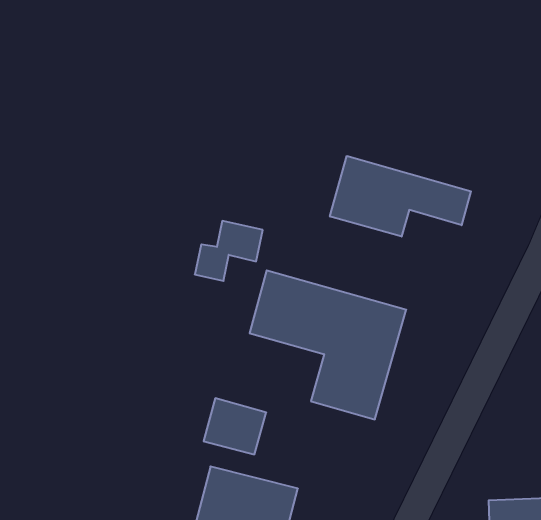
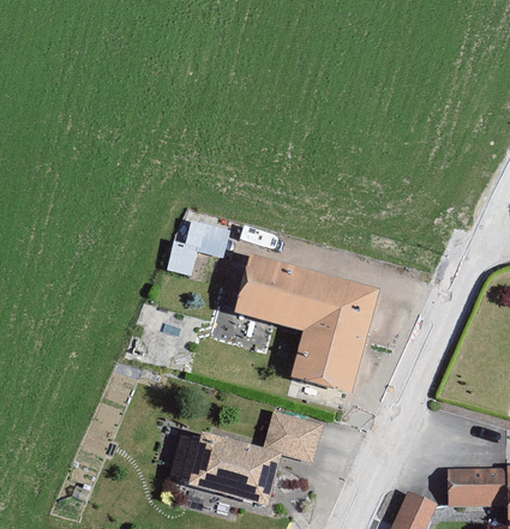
building: [330,156,471,237] -> none
building: [204,398,266,454] -> [266,408,324,459]

